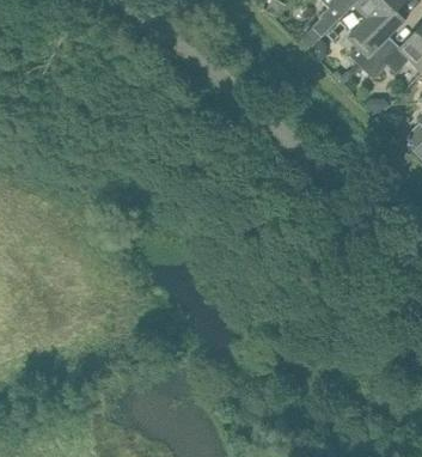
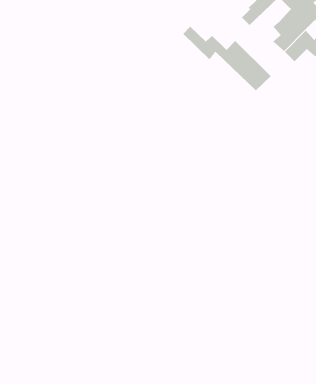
building: none -> [182,26,272,91]

